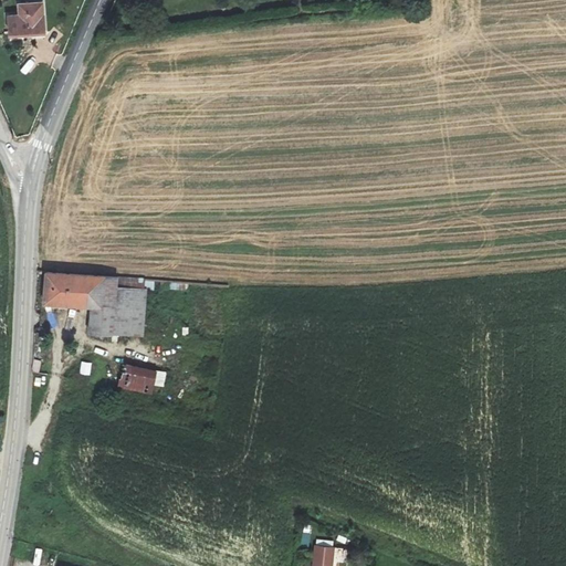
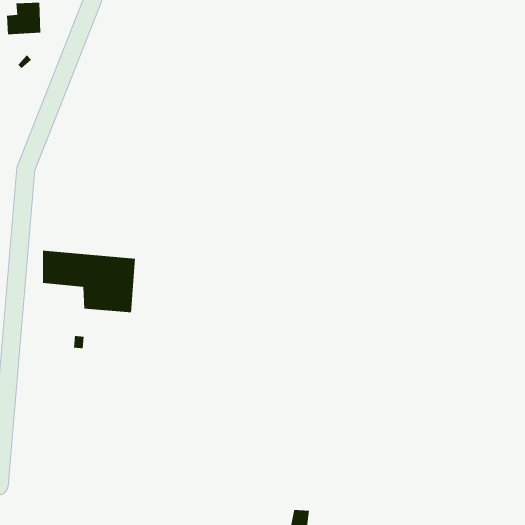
building: [118,368,157,395] -> none

